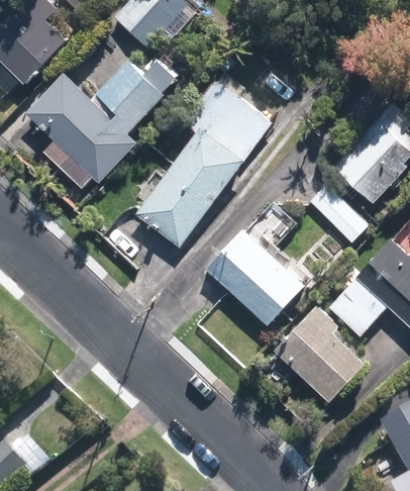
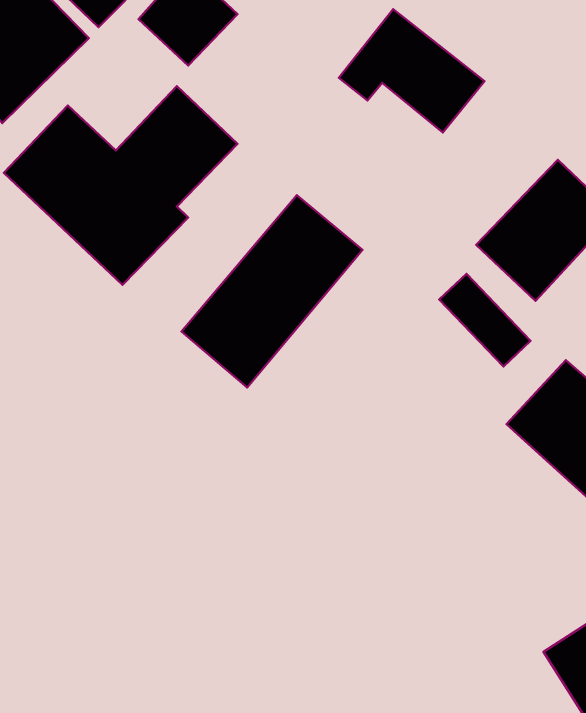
building: [188,81,280,159] -> [339,9,485,132]
building: [200,223,302,322] -> none
building: [322,274,379,330] -> none
building: [267,299,357,395] -> none

